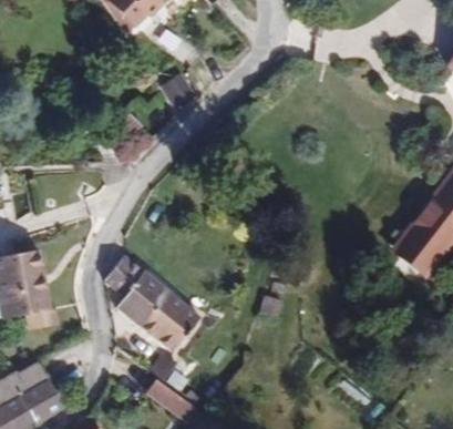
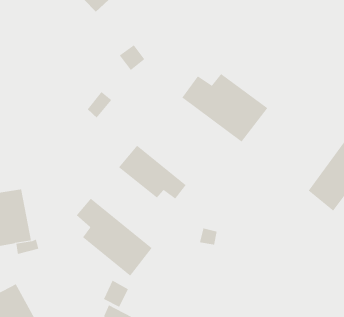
building: none -> [182,73,268,142]
building: none -> [118,145,187,200]

